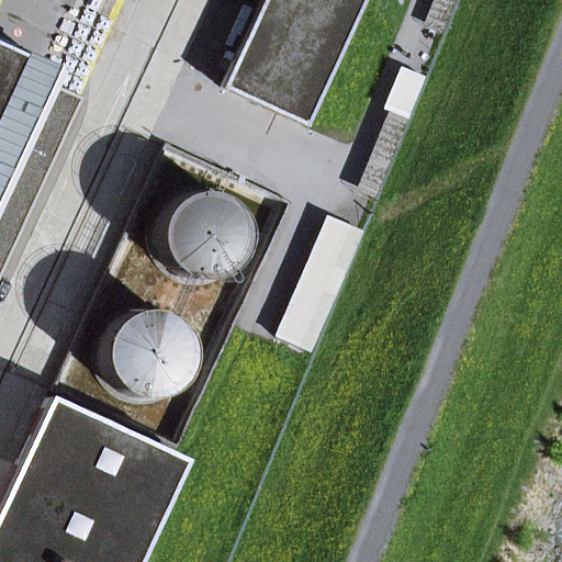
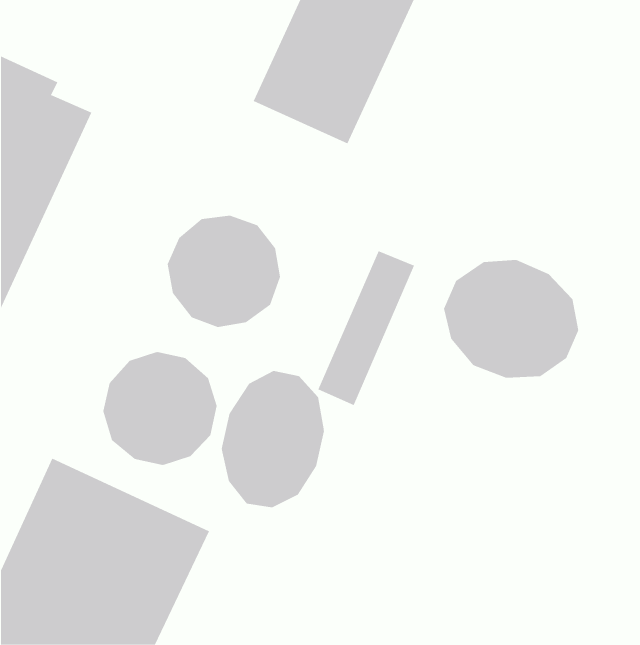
building: none -> [443,259,579,379]
building: none -> [221,370,324,508]

